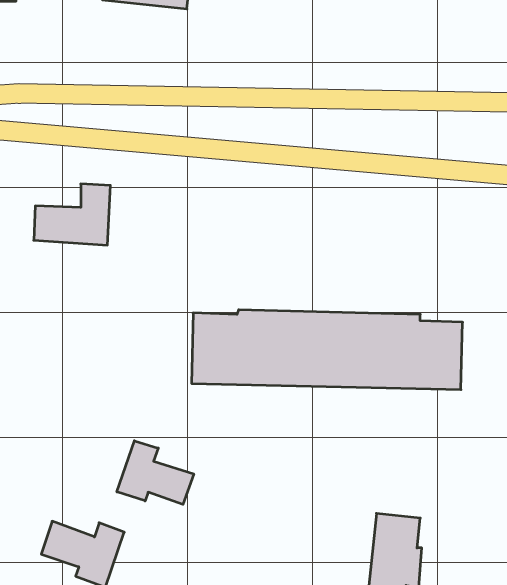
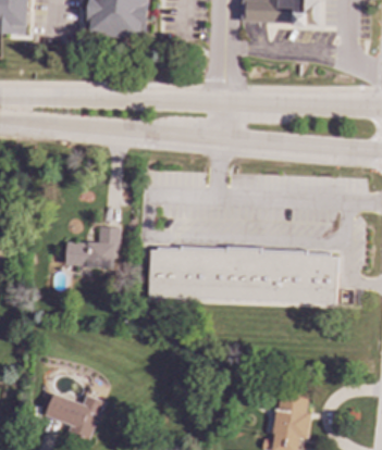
building: [34,184,110,245] -> [65,226,119,268]
building: [117,441,194,504] -> none

